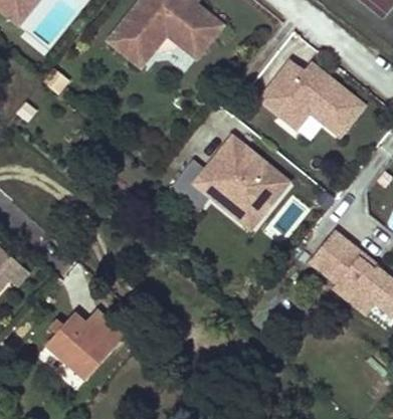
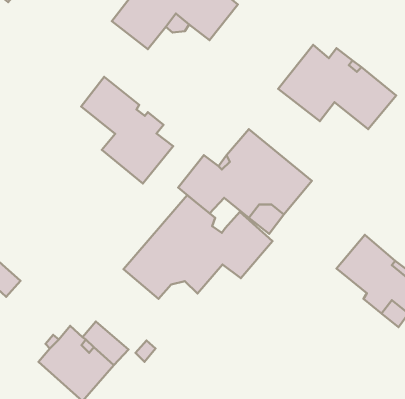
building: none -> [81,77,173,183]
building: none -> [123,195,273,299]

